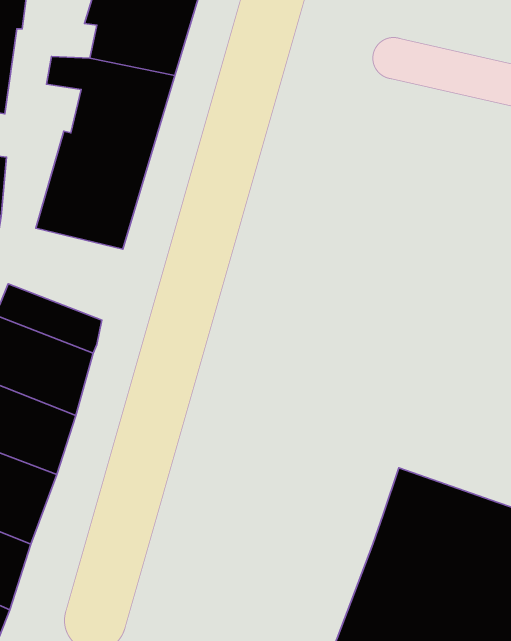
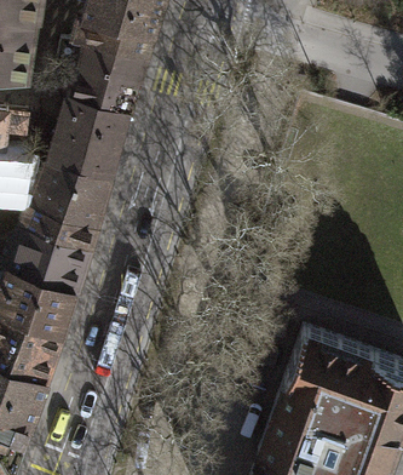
building: none -> [29,162,109,227]

